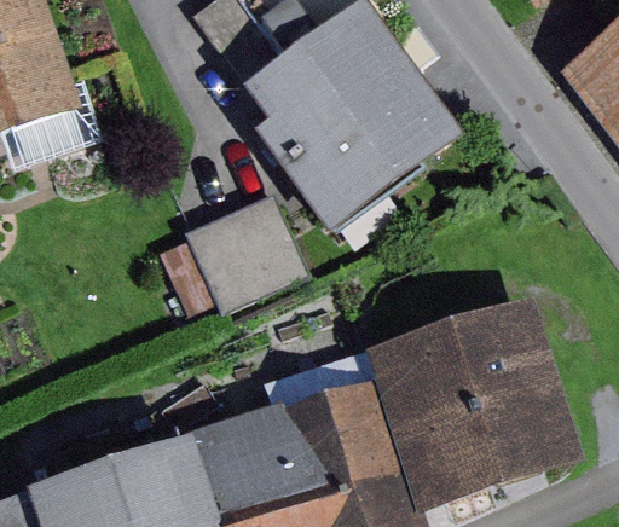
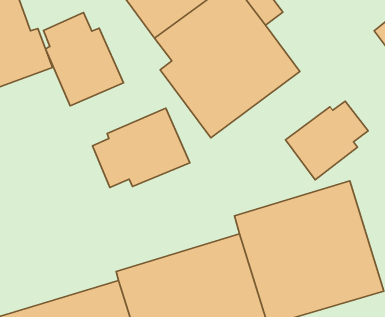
building: none -> [43,12,123,106]
building: none -> [286,101,368,180]

